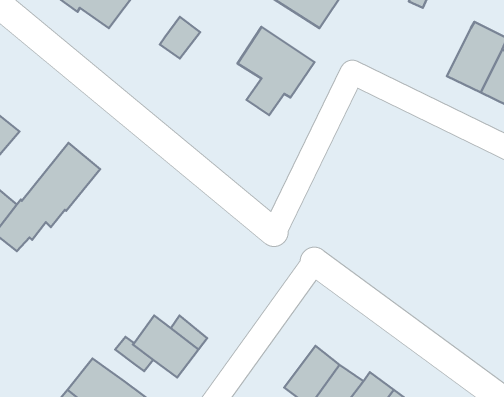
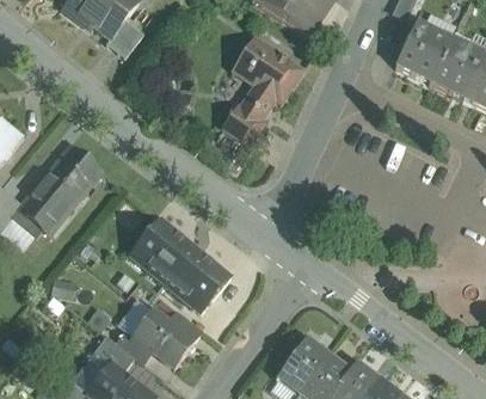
building: none -> [394,18,453,81]
building: [160,17,200,59] -> [105,17,143,56]
building: none -> [222,103,265,145]
building: none -> [131,217,229,309]
building: none -> [94,333,135,370]

